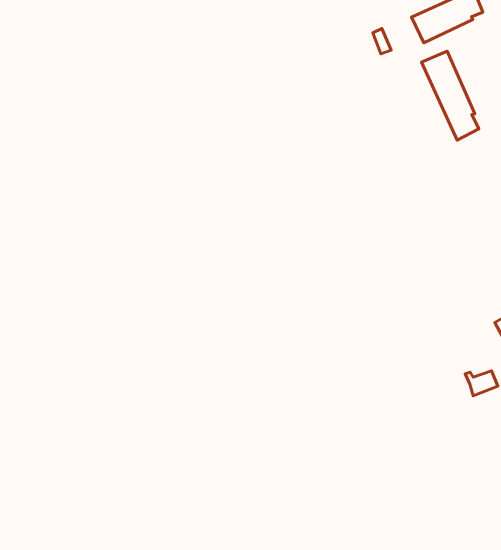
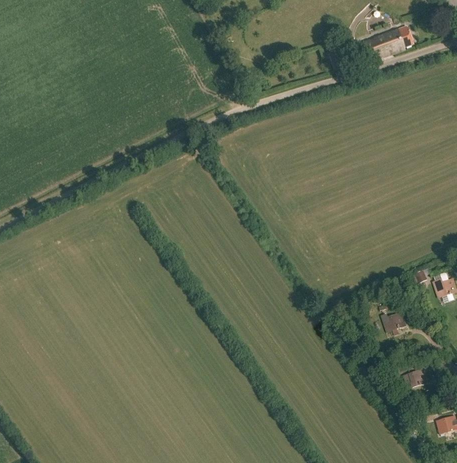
building: [422,51,479,140] -> none

